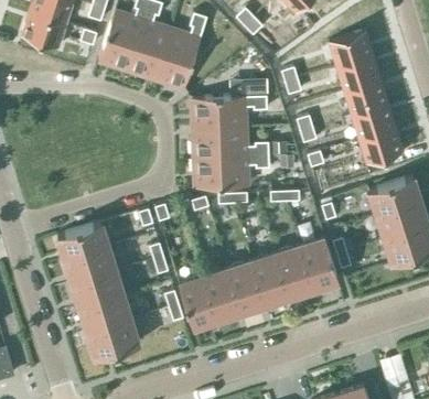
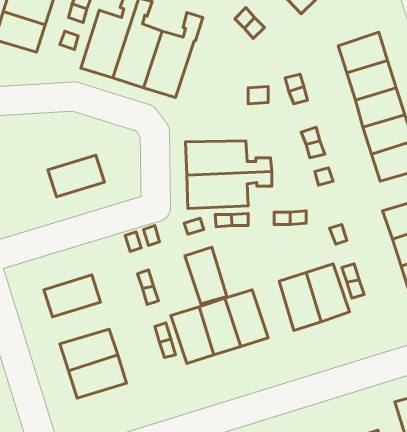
building: [191,95,267,128] -> none
building: [57,223,108,260] -> [48,155,105,197]
building: [251,252,289,303] -> [185,247,227,304]
building: [73,271,124,309] -> none

